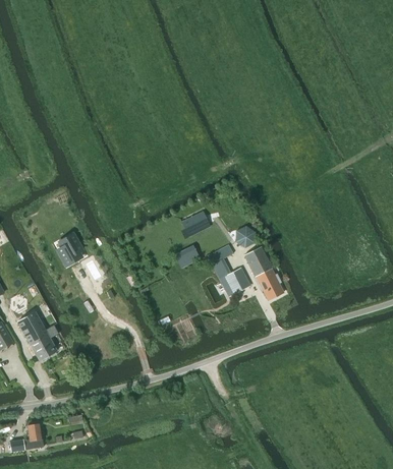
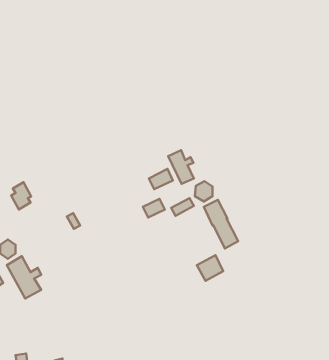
building: none -> [168,150,194,184]
building: [60,233,83,265] -> [11,182,31,210]
building: [219,267,249,296] -> [197,255,223,281]

